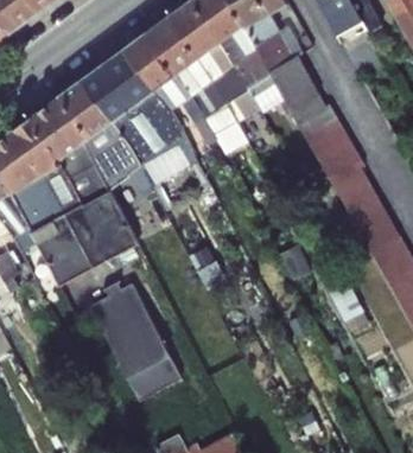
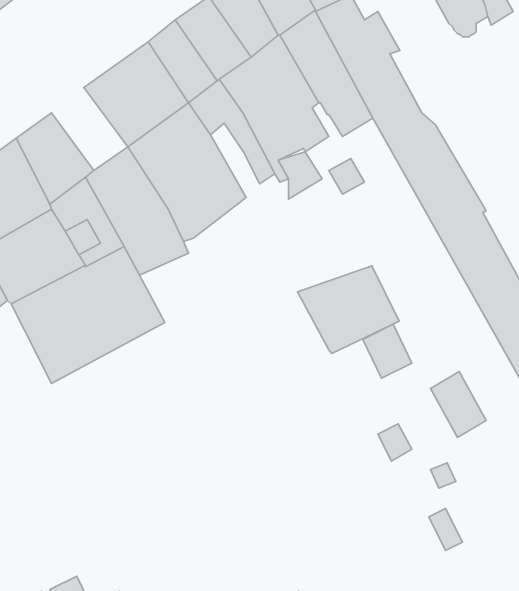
building: [58,78,112,136] -> none
building: none -> [298,266,399,354]
building: [89,282,180,400] -> none

